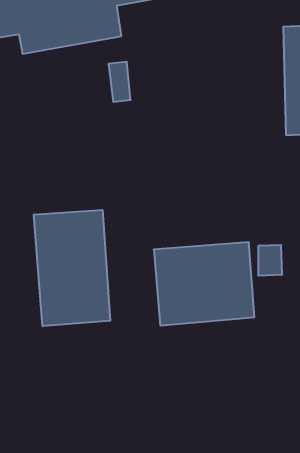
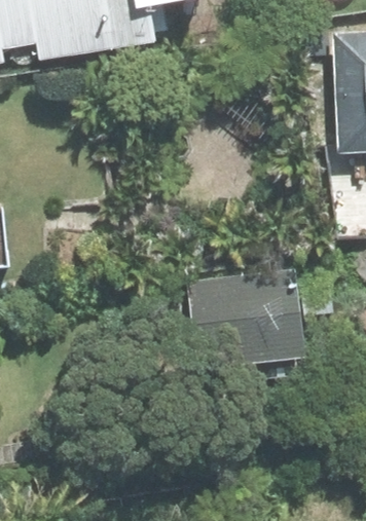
building: [34,210,110,326] -> none

